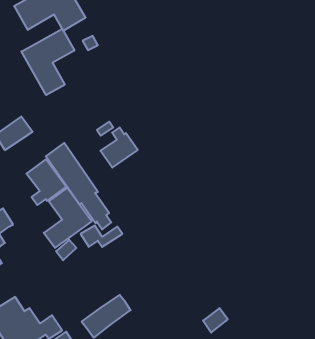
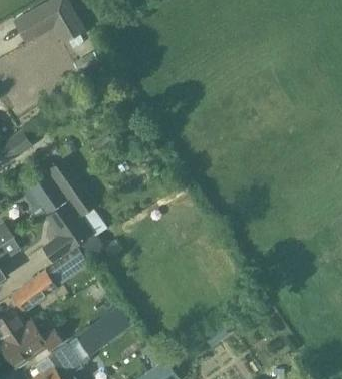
building: [21,29,74,95] -> none
building: [100,127,138,168] -> none
building: none -> [10,271,57,314]

